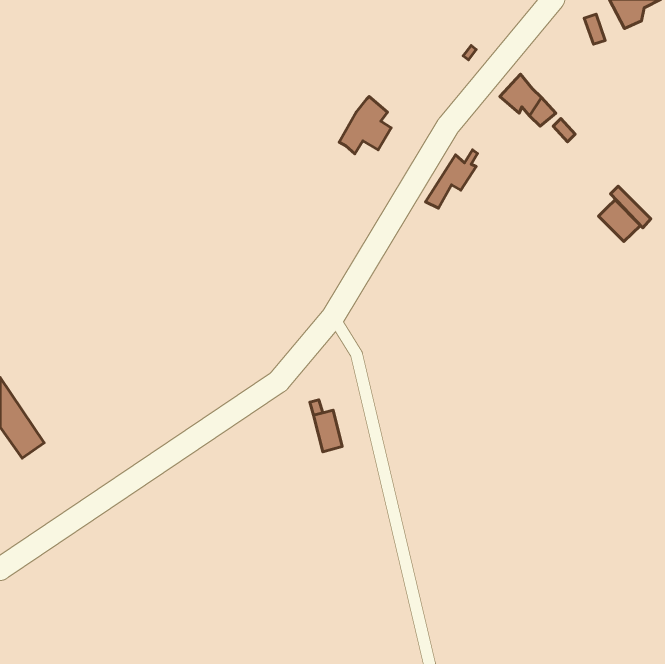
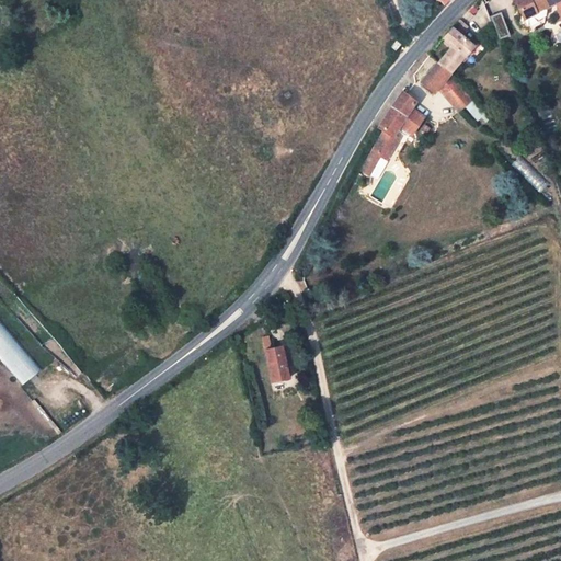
building: none -> [438,27,474,75]
building: [339,96,391,154] -> [378,89,422,137]
building: [598,200,640,242] -> none

